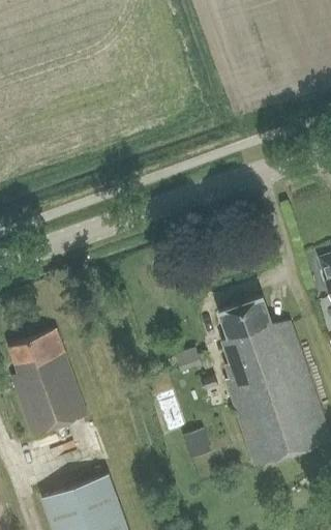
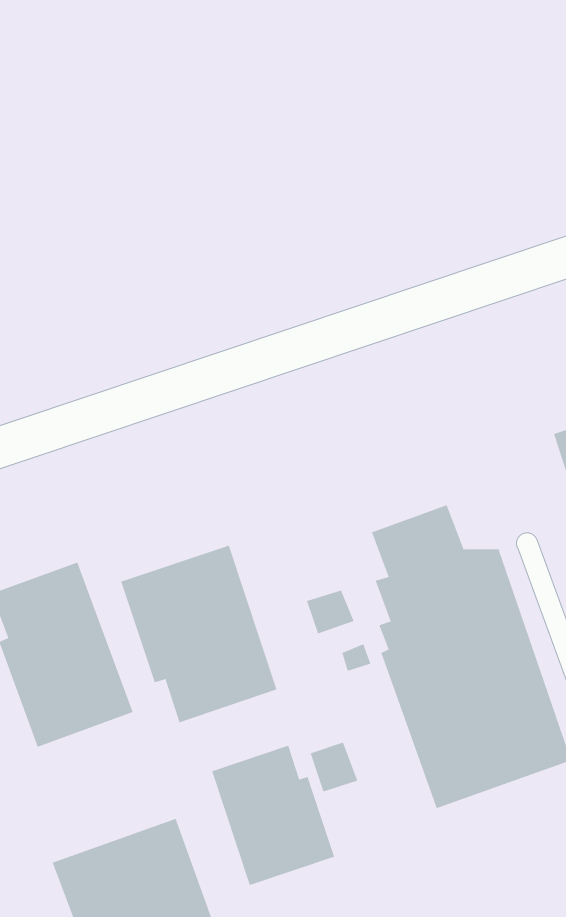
building: none -> [121,545,277,723]
building: none -> [211,745,335,886]

